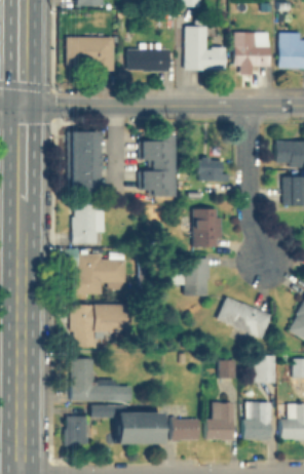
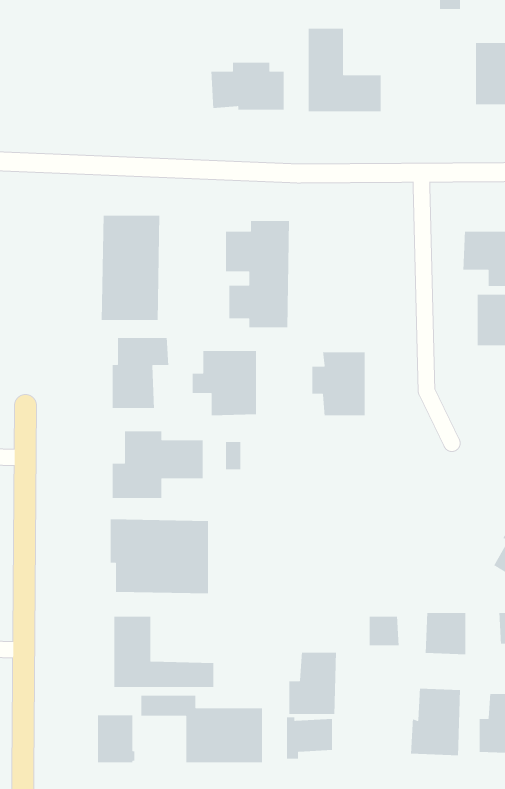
building: [235,33,271,68] -> none
building: [68,37,115,71] -> none
building: [197,157,224,182] -> none
building: none -> [192,350,257,416]
building: [173,259,207,294] -> none
building: [217,297,270,345] -> none
building: [205,403,233,439] -> [288,652,337,715]

